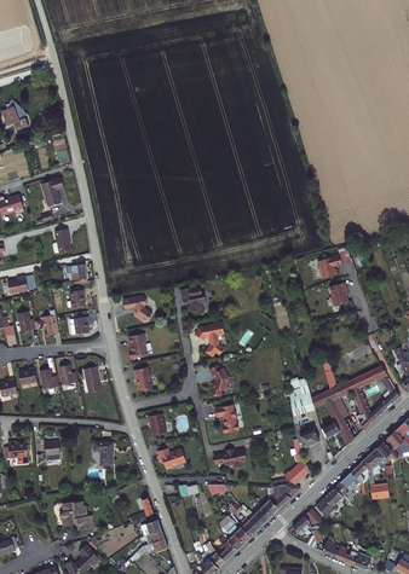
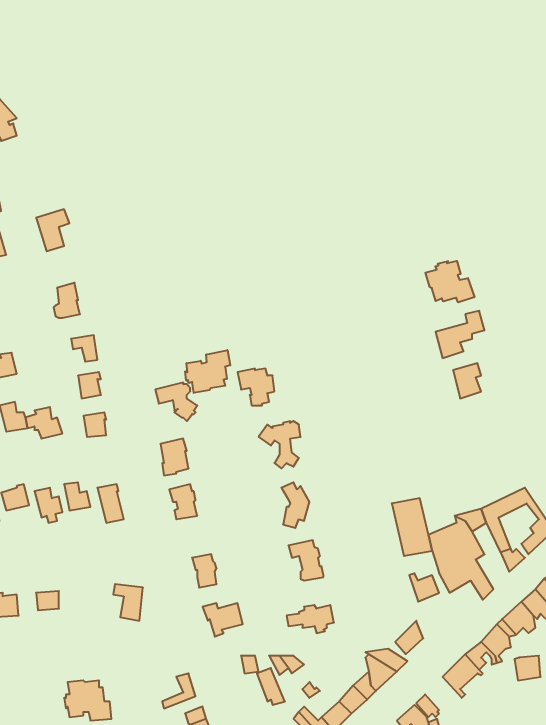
building: none -> [425,261,474,302]
building: none -> [185,350,230,393]

